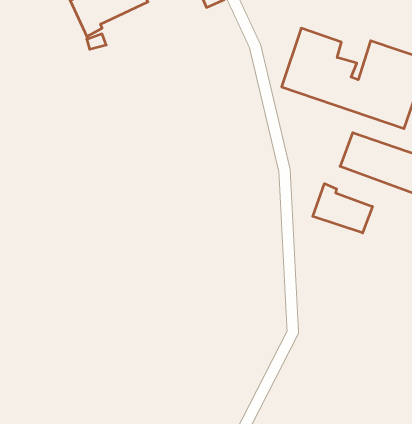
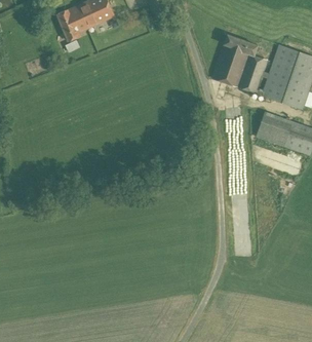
building: [313,184,372,233] -> none

